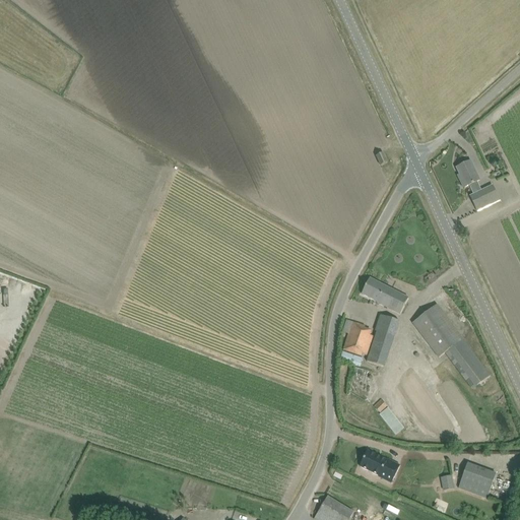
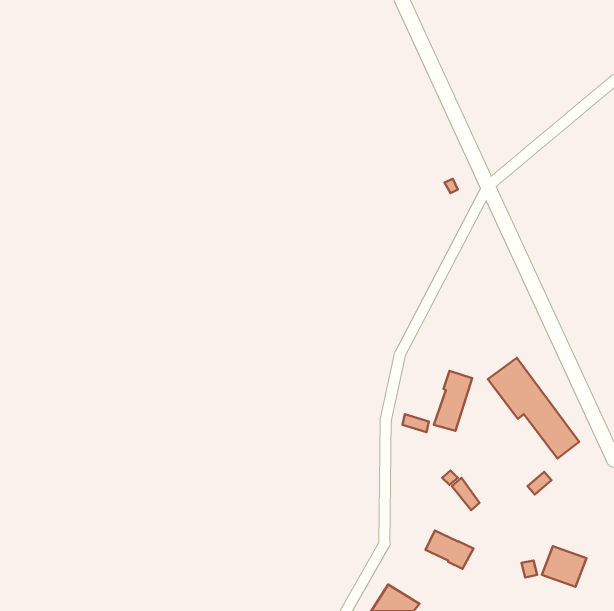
building: [457,159,500,210] -> none
building: [362,276,407,312] -> none
building: [342,319,374,354] -> none

